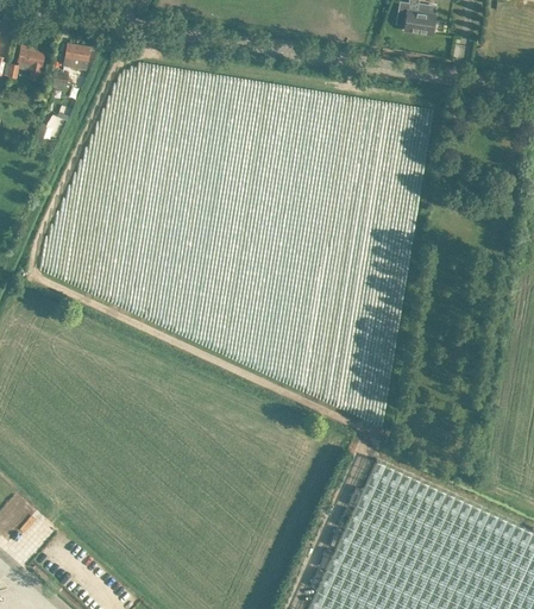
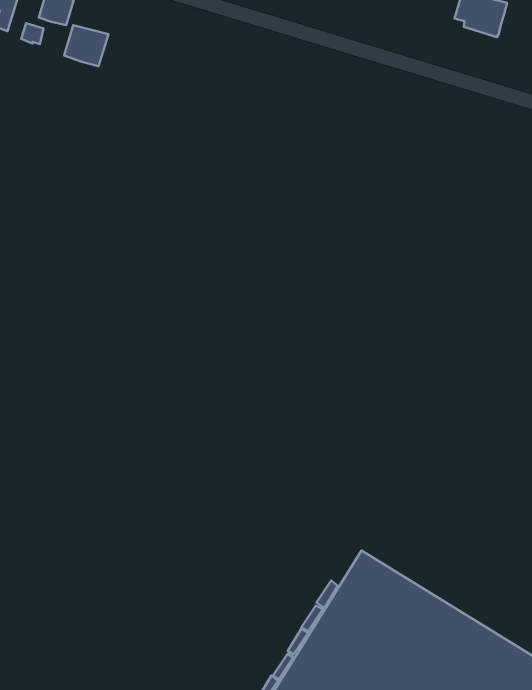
building: none -> [64,25,108,66]

